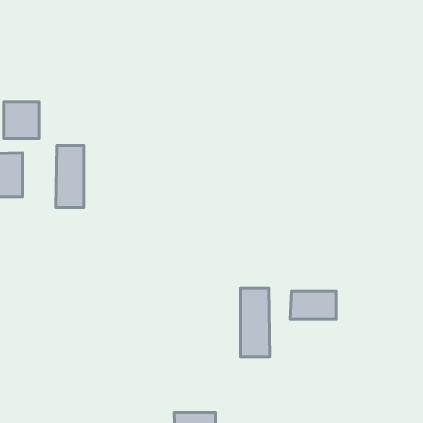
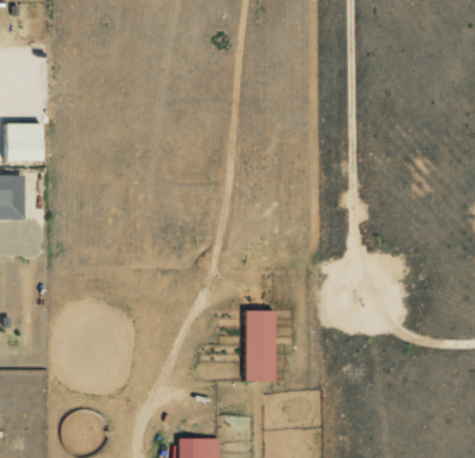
building: [56,145,84,208] -> none
building: [290,291,336,319] -> none

